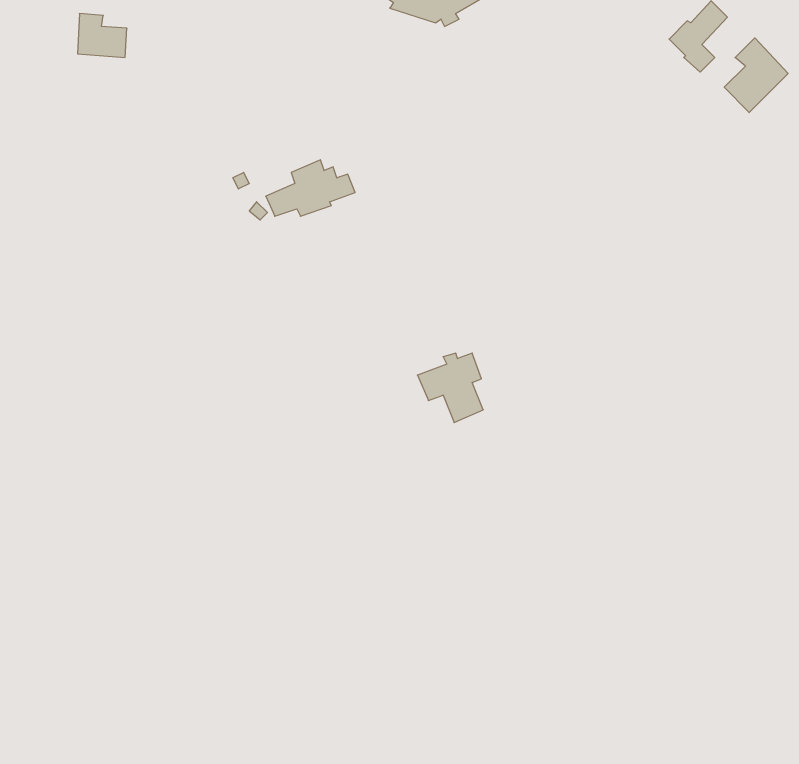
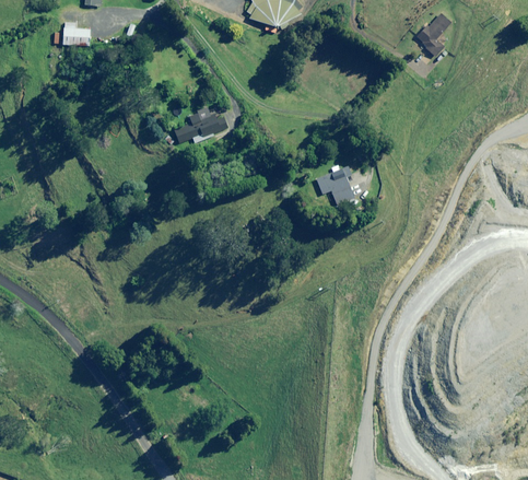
building: [724,38,788,113] -> none
building: [417,353,483,423] -> [316,165,355,207]

